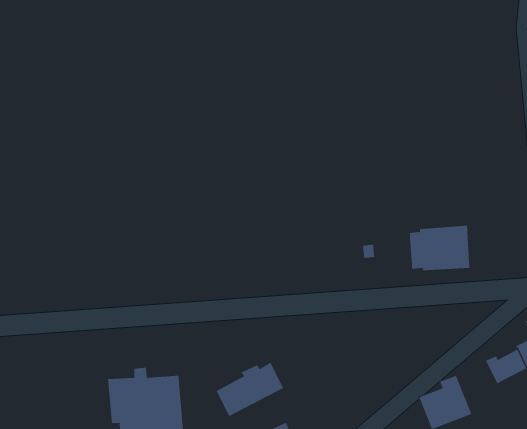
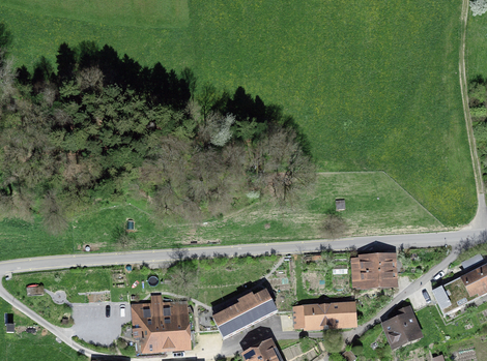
building: [409,225,470,271] -> [350,251,399,288]
building: none -> [292,300,356,329]

